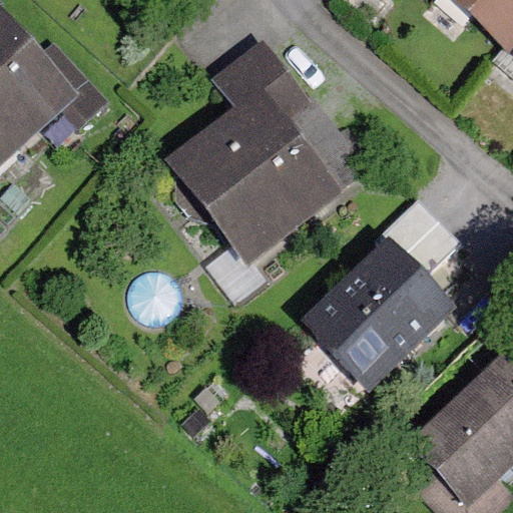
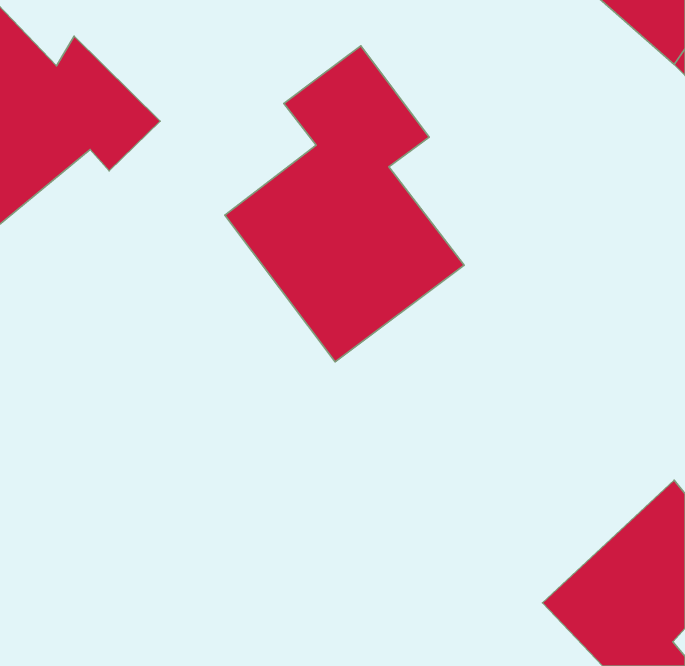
building: [309,187,464,378] -> none

